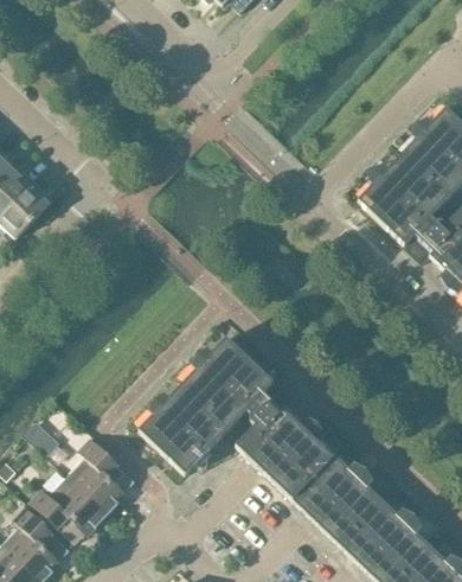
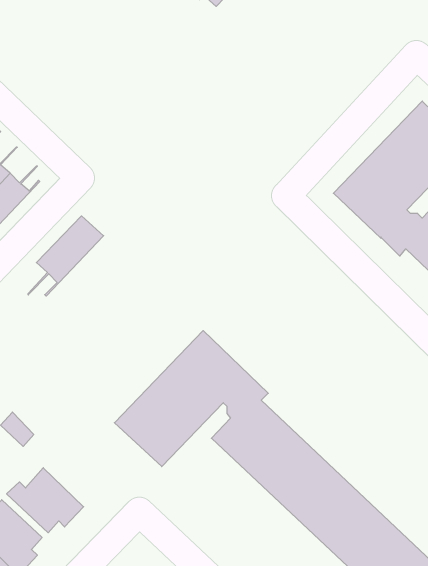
building: none -> [28,216,104,296]
building: [68,439,131,514] -> none

